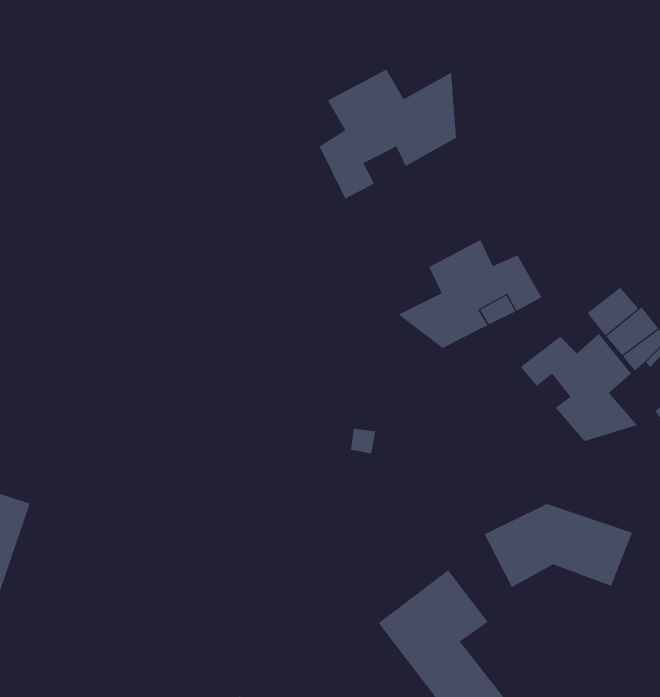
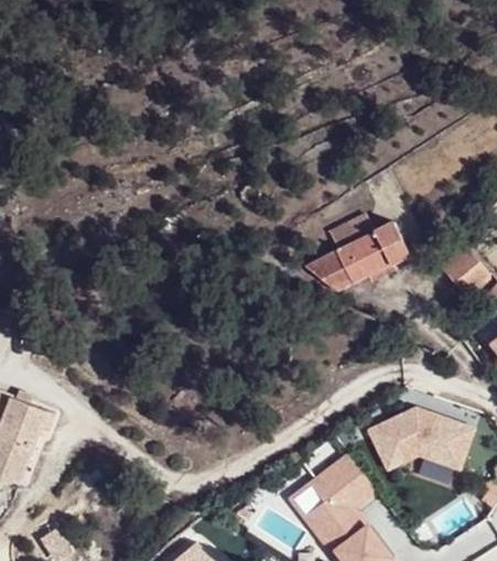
building: [319,69,456,200] -> none
building: [520,333,638,442] -> none

